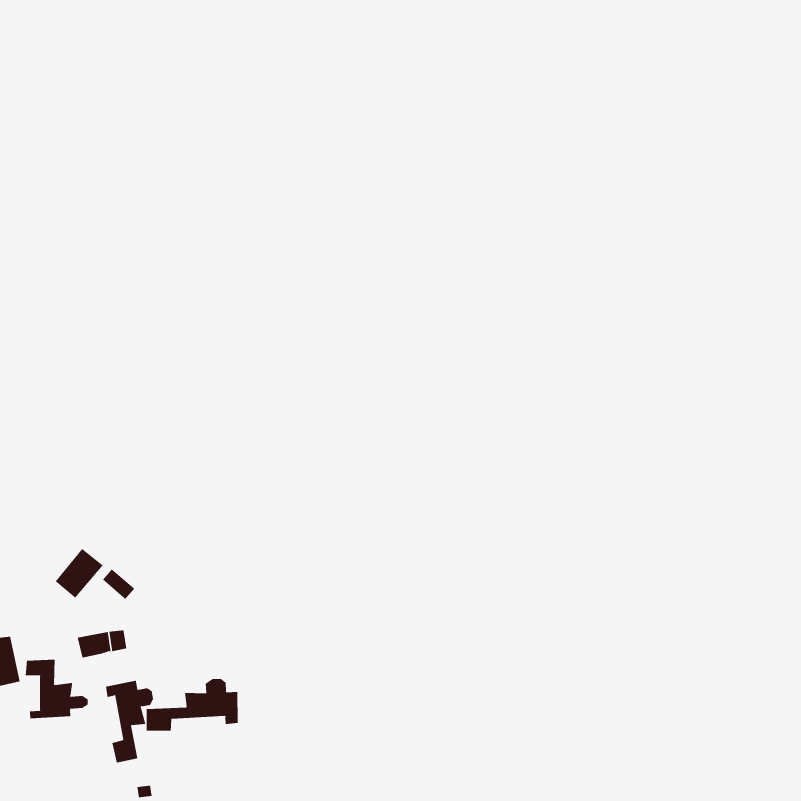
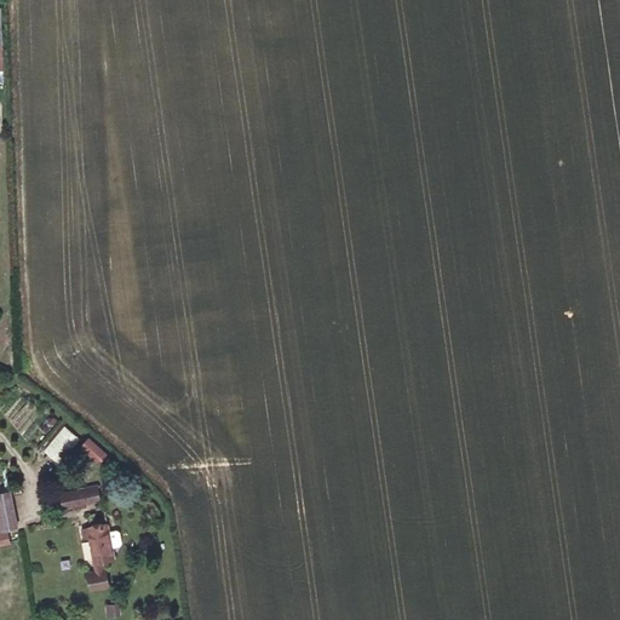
building: [25,659,88,719] -> none
building: [146,678,238,731] -> none

